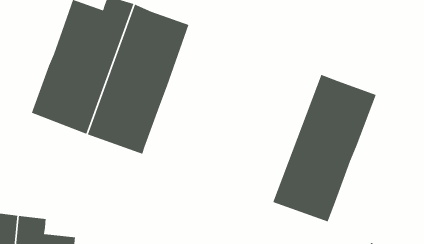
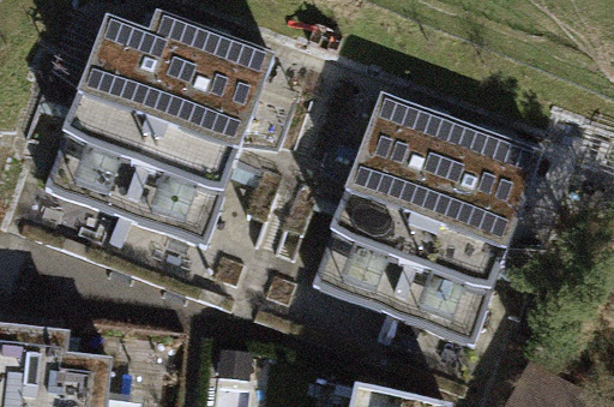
building: none -> [312,94,460,309]

